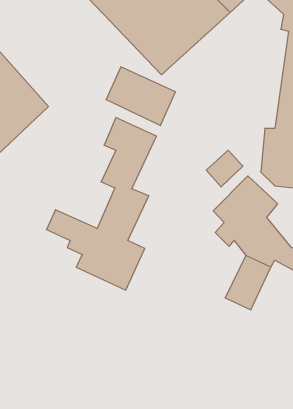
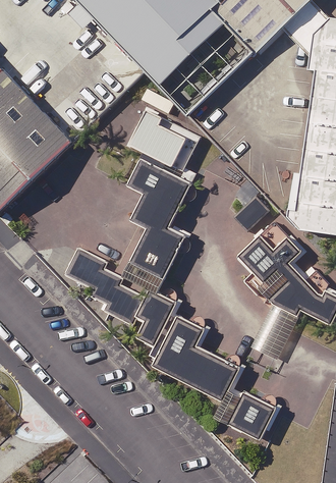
building: none -> [162,317,273,435]

